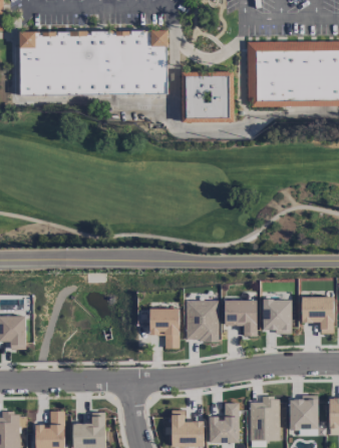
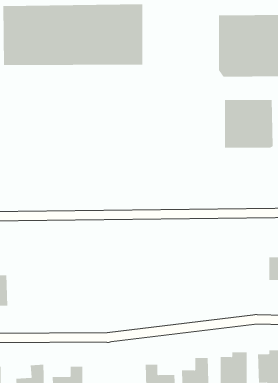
building: [183,72,235,123] -> [224,100,273,148]
building: [262,299,292,334] -> none
building: [186,300,219,341] -> none
building: [224,300,257,336] -> none
building: [149,308,179,349] -> none

